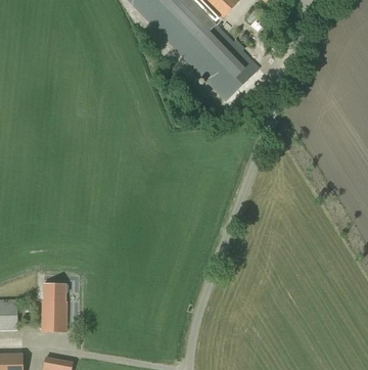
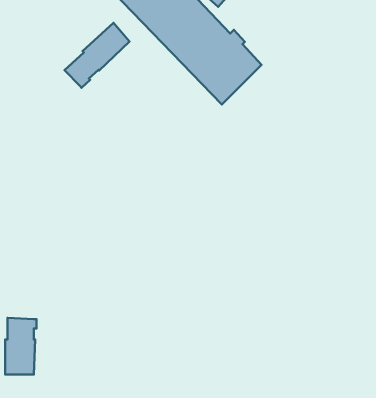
building: none -> [65,23,129,88]

